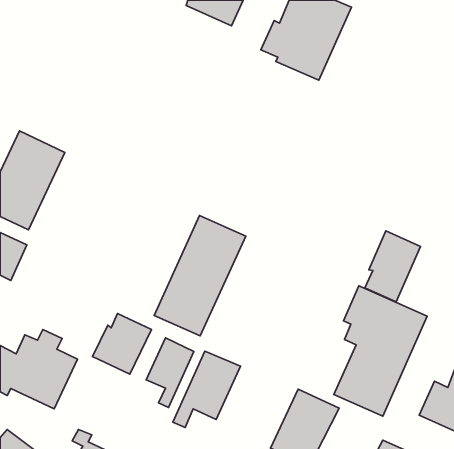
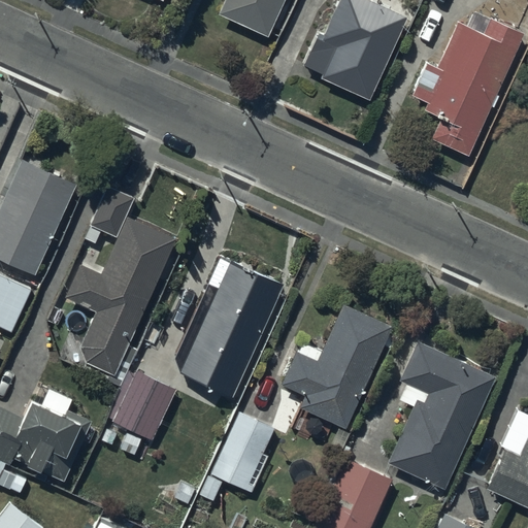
building: none -> [412,16,523,155]
building: none -> [65,186,175,375]
building: [365,231,421,302] -> none
building: none -> [279,304,392,428]
building: [146,338,194,407] -> none

